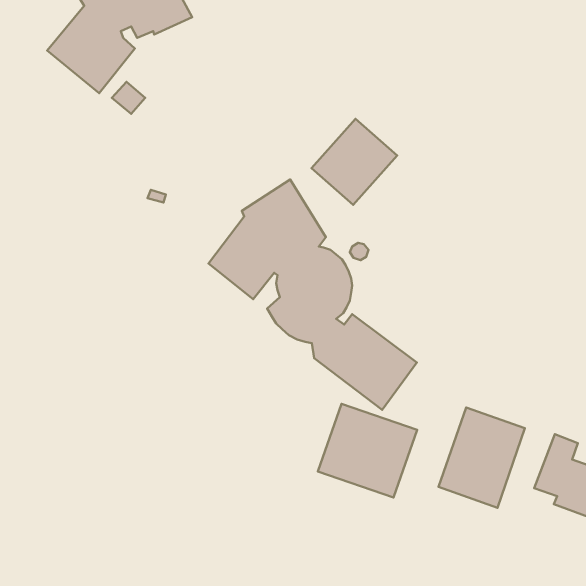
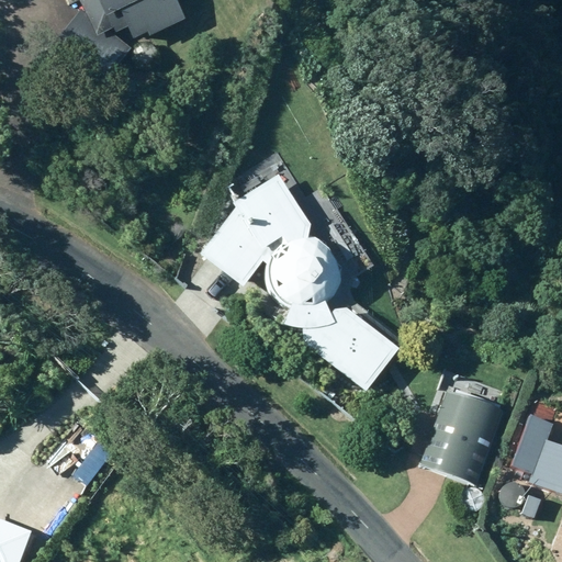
building: [312,119,397,205] -> none
building: [318,404,417,498] -> none

